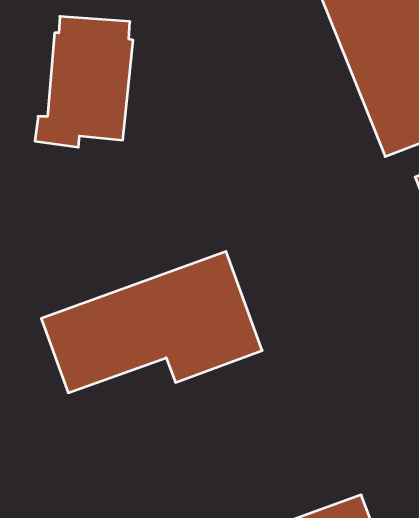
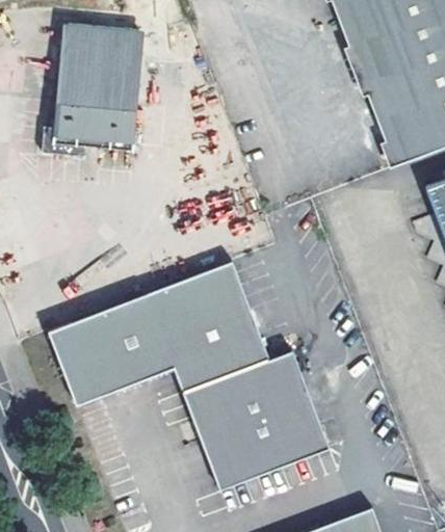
building: none -> [183,351,329,489]

